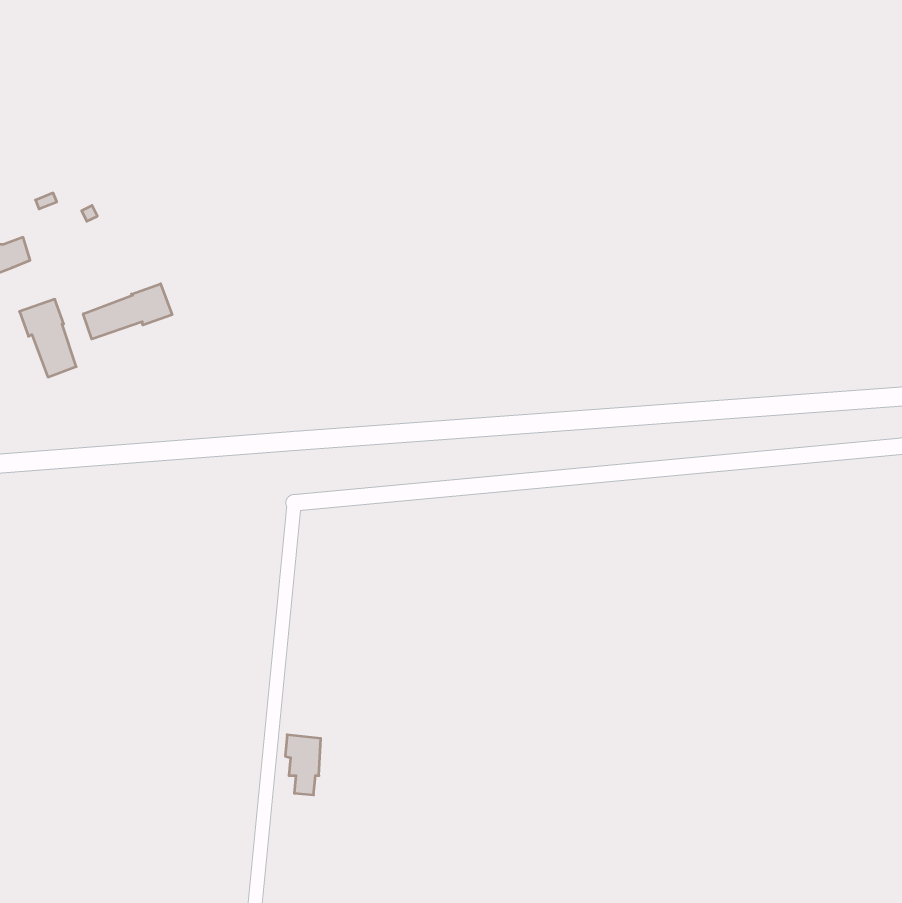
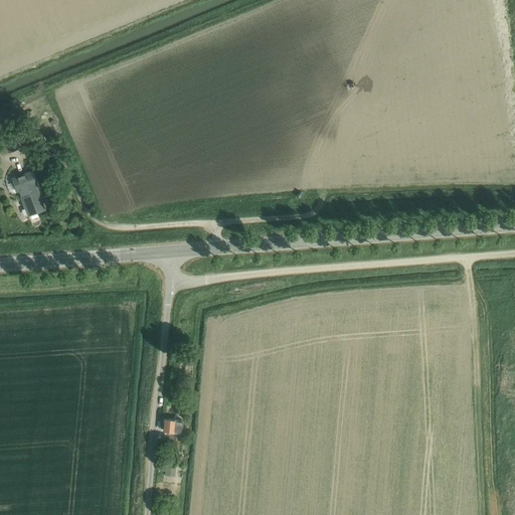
building: [83,284,172,339] -> none

